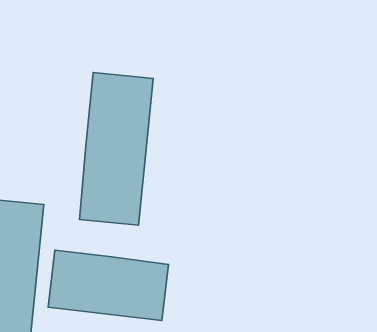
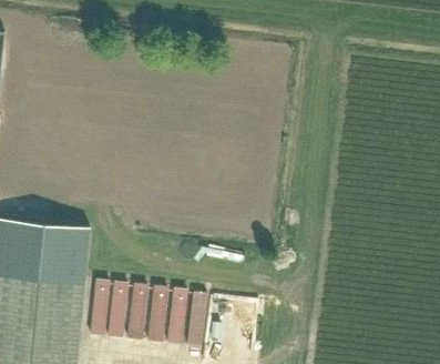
building: [80,72,153,225] -> none

